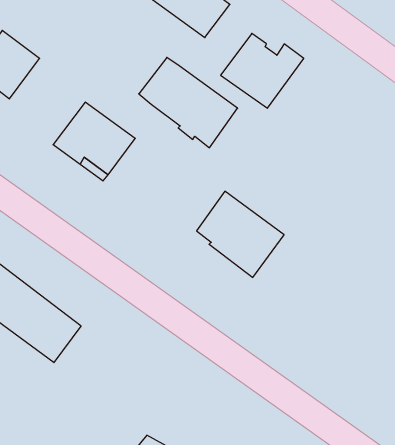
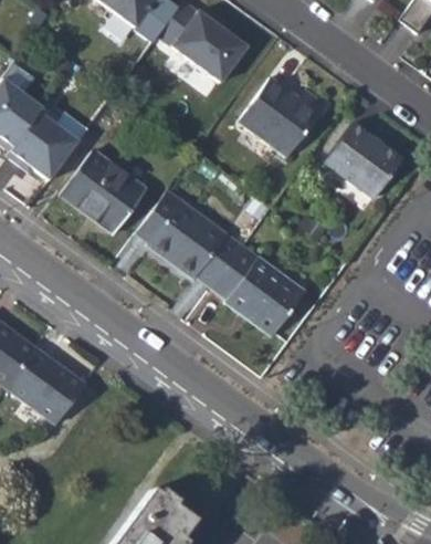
building: [139,57,238,148] -> [136,190,241,286]
building: none -> [9,107,81,176]
building: none -> [323,122,401,198]

